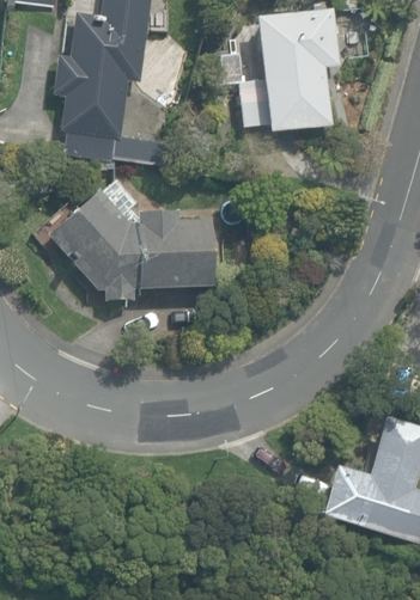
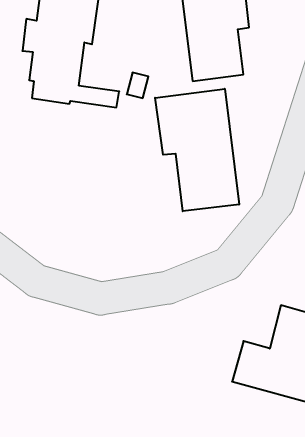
building: none -> [155,89,239,211]
building: [48,178,213,300] -> none

